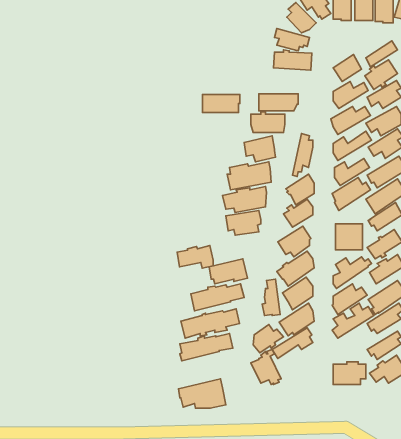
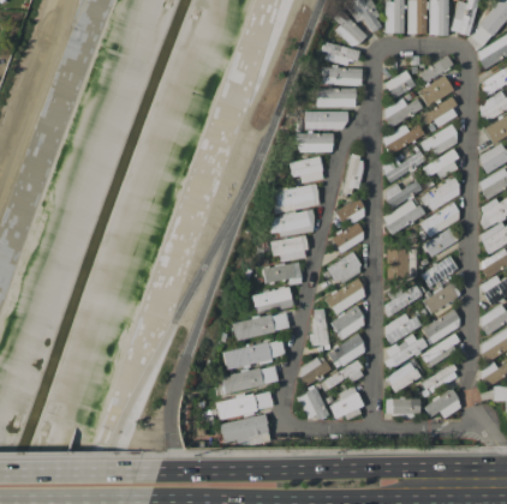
building: [202,95,240,113] -> [317,89,357,108]
building: [177,246,213,268] -> [264,262,303,286]
building: none -> [388,362,422,394]
building: none -> [330,388,365,421]
building: none -> [216,391,274,421]

